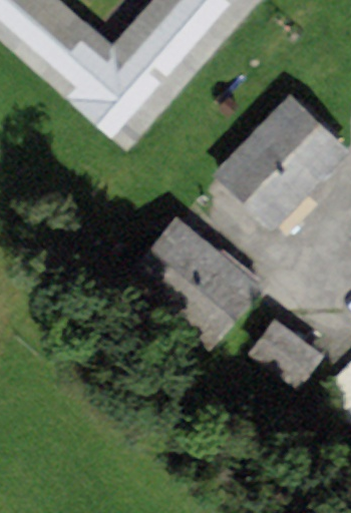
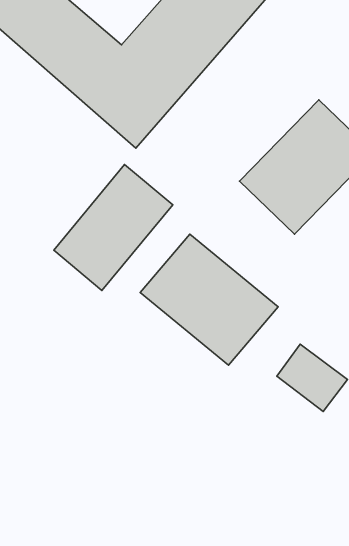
building: none -> [54,165,173,291]

